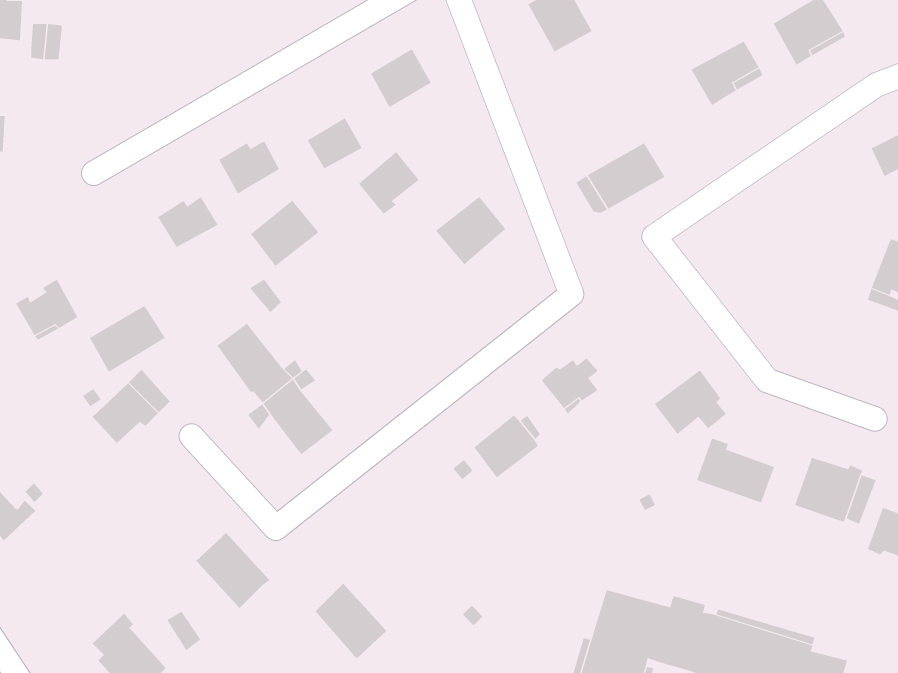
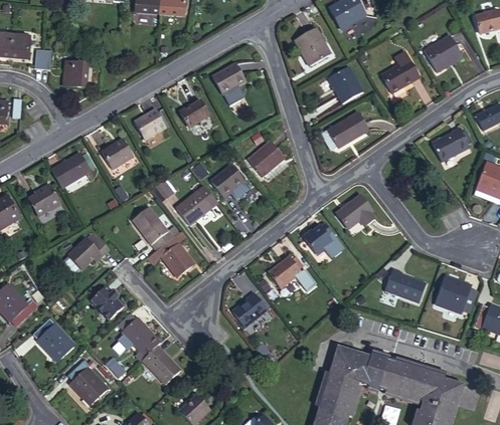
building: none -> [65,61,90,88]
building: none -> [329,67,362,103]
building: [358,151,420,214] -> [211,164,243,197]
building: none -> [432,129,469,162]
building: [250,200,319,267] -> [176,190,212,225]
building: [89,305,166,372] -> [51,153,92,188]
building: [654,370,727,435] -> [336,195,374,229]
building: none -> [91,287,124,321]
building: none -> [232,291,267,327]
building: none -> [33,317,74,360]
building: [314,583,387,660] -> [142,345,180,385]

